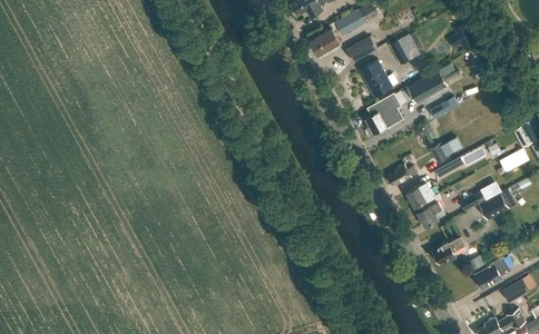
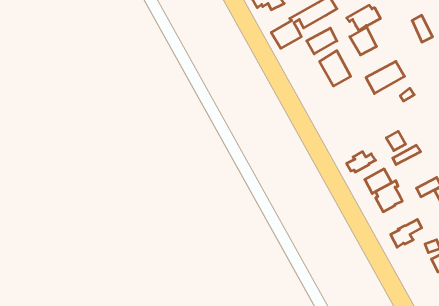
building: none -> [347,5,380,30]
building: [366,91,402,131] -> none

